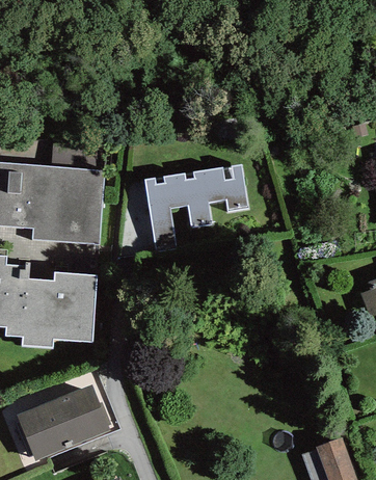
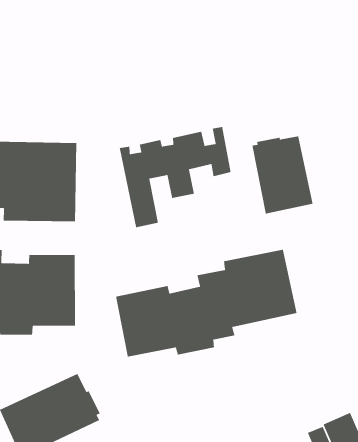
building: none -> [251,135,313,214]
building: none -> [115,249,297,357]

